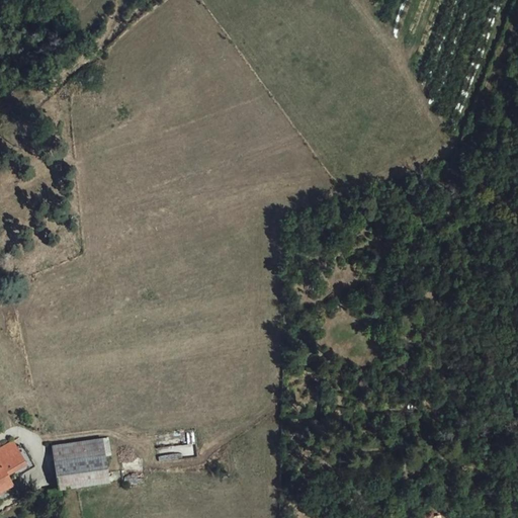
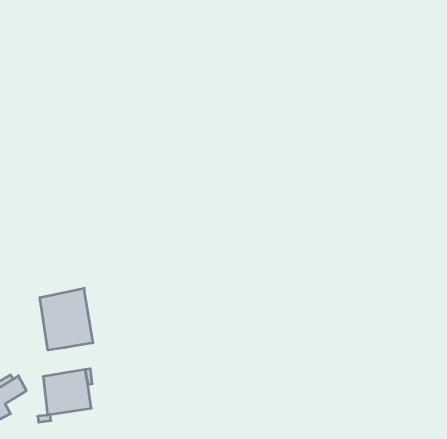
building: none -> [40,288,93,350]

